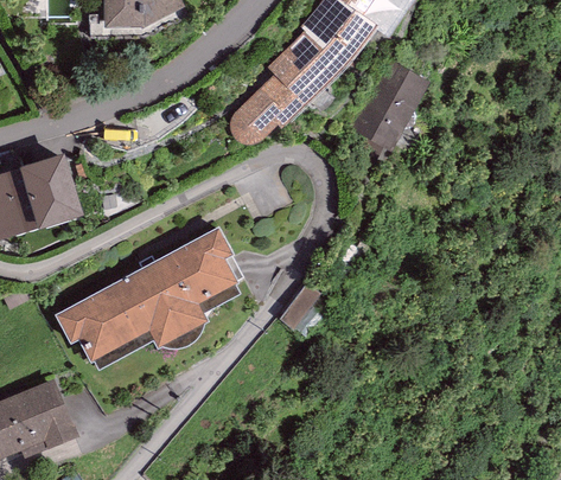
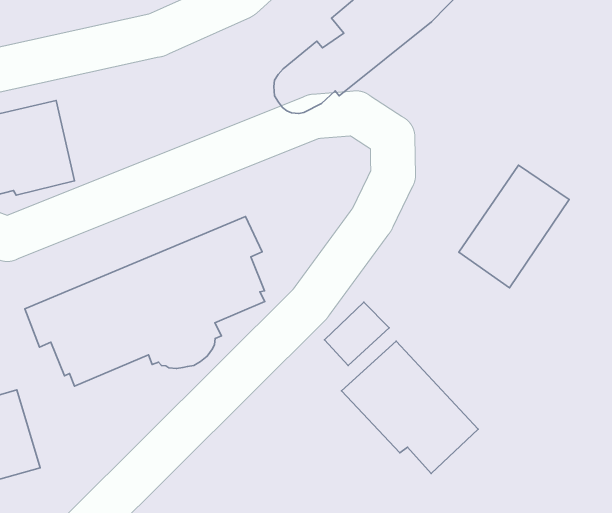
building: [349,57,429,152] -> [459,165,569,288]
building: none -> [342,341,478,473]

